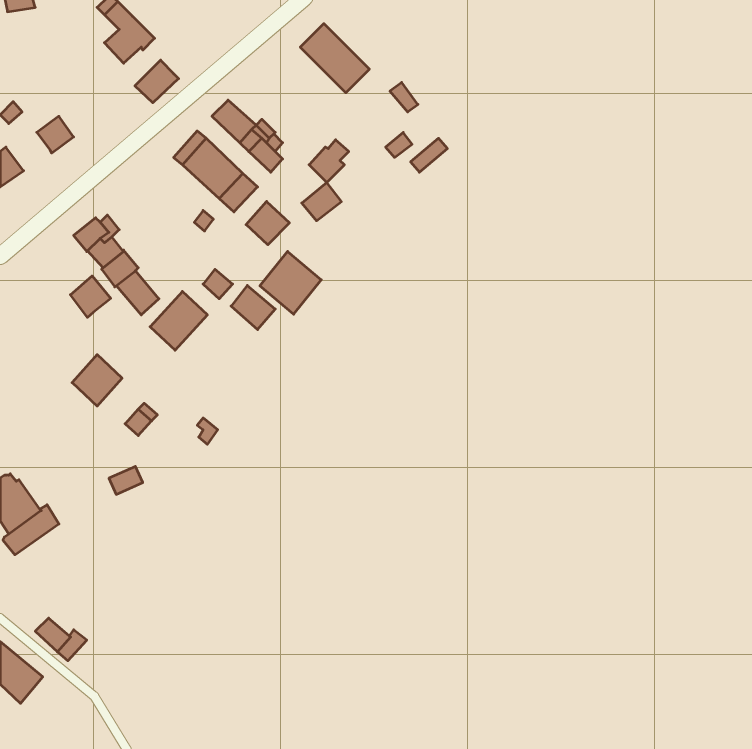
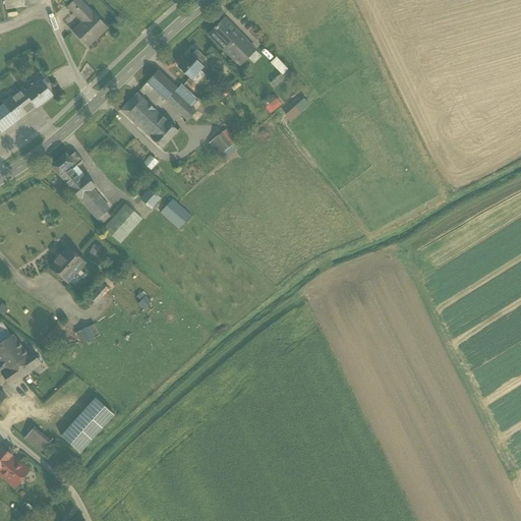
building: [135,60,179,103] -> none
building: none -> [4,88,35,118]
building: [309,140,349,182] -> [178,48,206,77]
building: [246,201,289,245] -> none
building: [260,251,321,314] -> none
building: [70,276,111,317] -> none
building: none -> [61,396,114,451]

